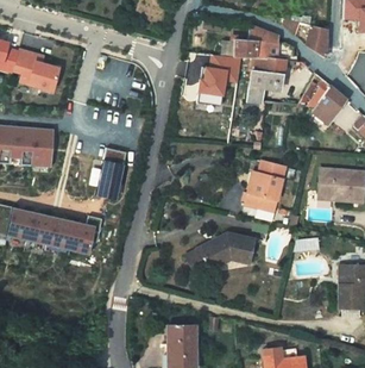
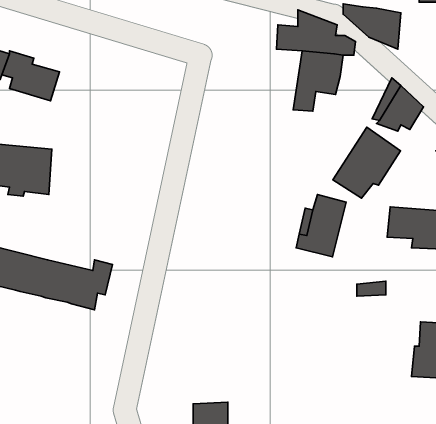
building: [197,51,238,91] -> none
building: none -> [333,127,400,198]
building: [95,150,127,201] -> none
building: [184,237,252,279] -> none

